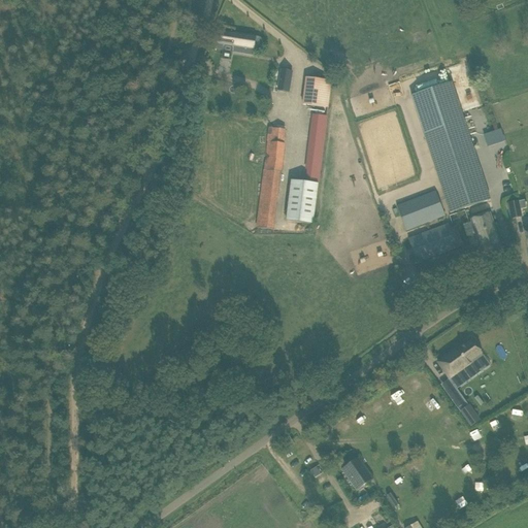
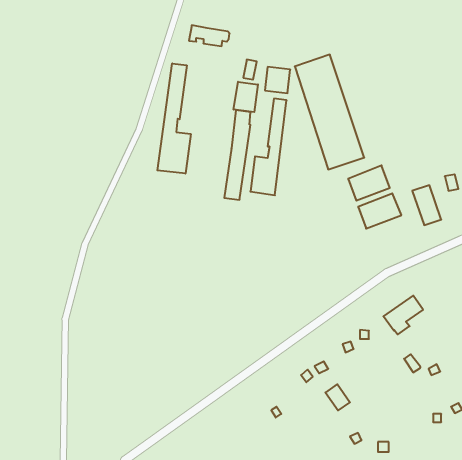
building: none -> [157,63,191,174]
building: [411,80,491,211] -> [295,55,364,169]
building: none -> [234,82,258,112]
building: [342,459,370,489] -> [325,384,350,410]

